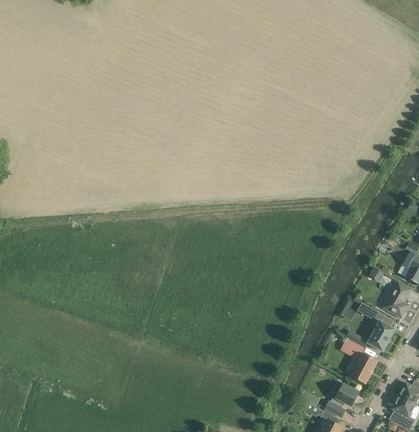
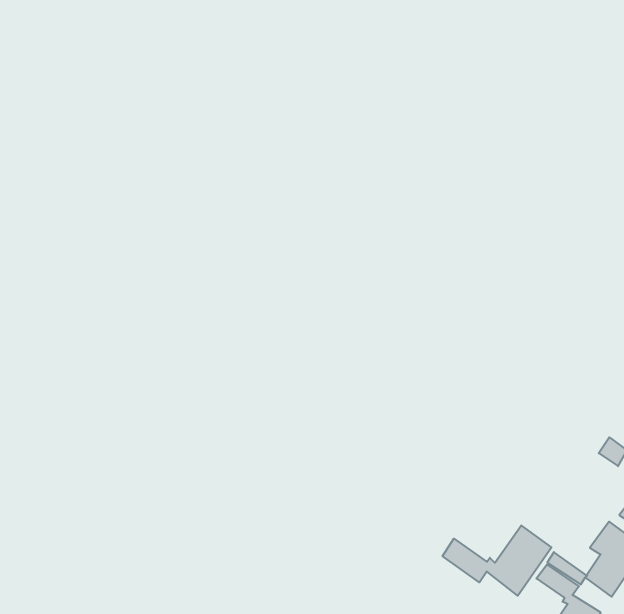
building: none -> [443,525,551,596]

